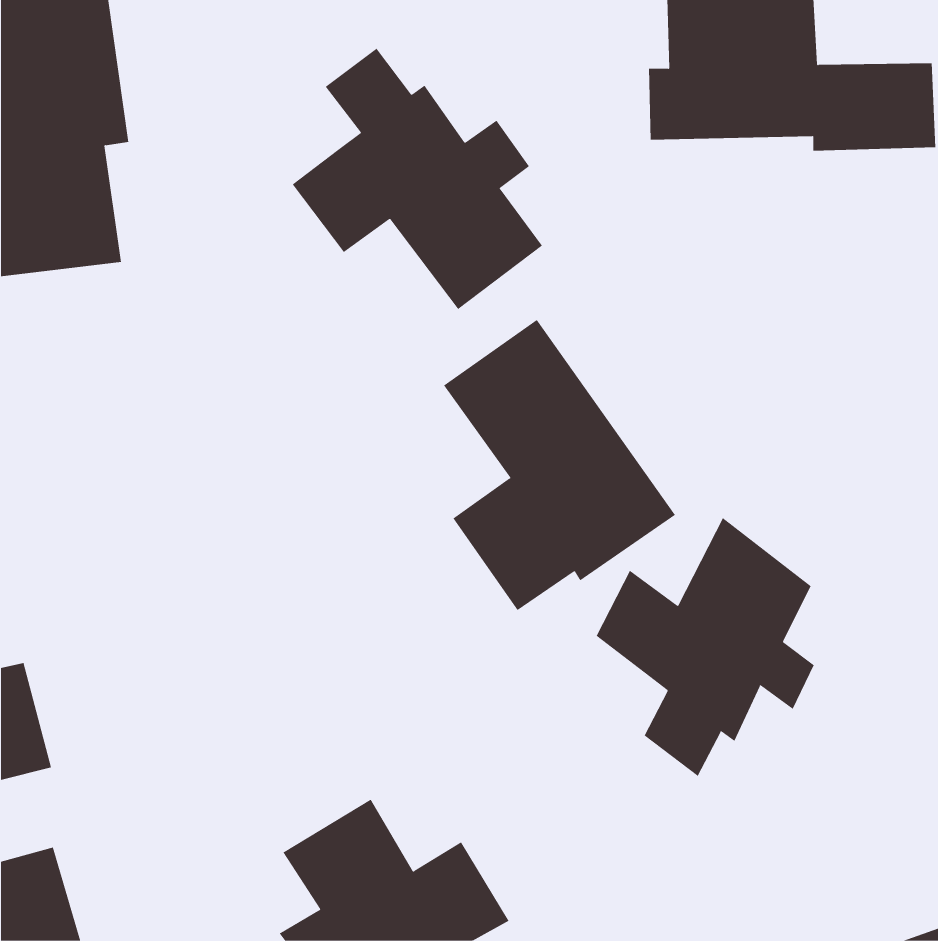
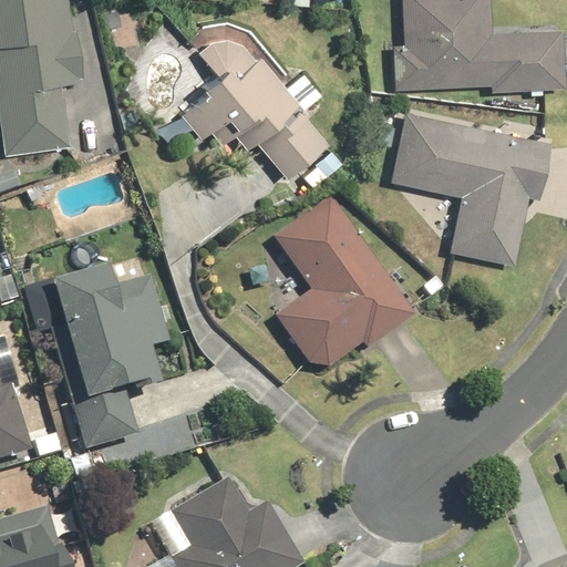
building: none -> [389,117,555,259]
building: none -> [47,276,171,446]
building: [596,517,814,777] -> none

